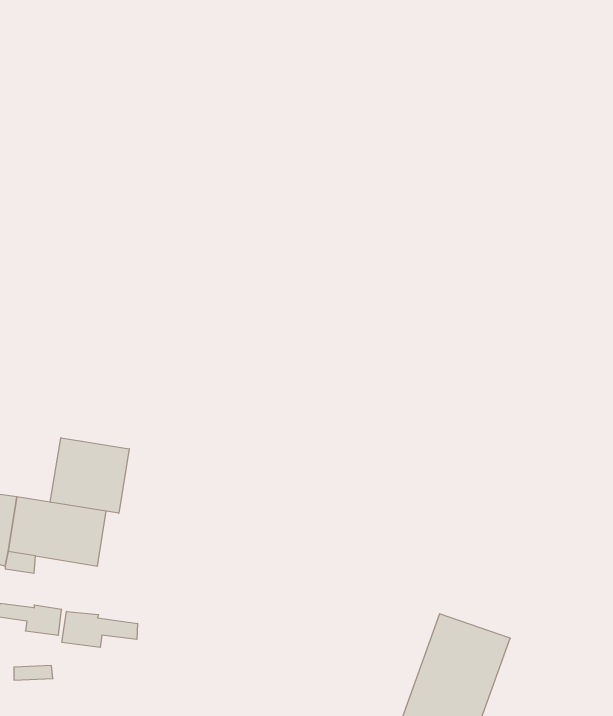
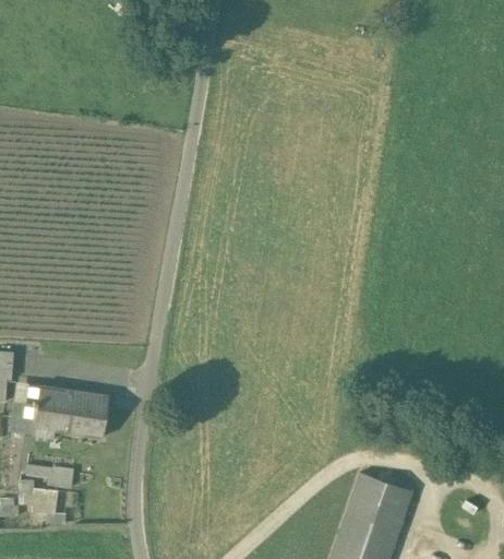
building: [50,438,129,513] -> none
building: [62,611,138,647] -> none

